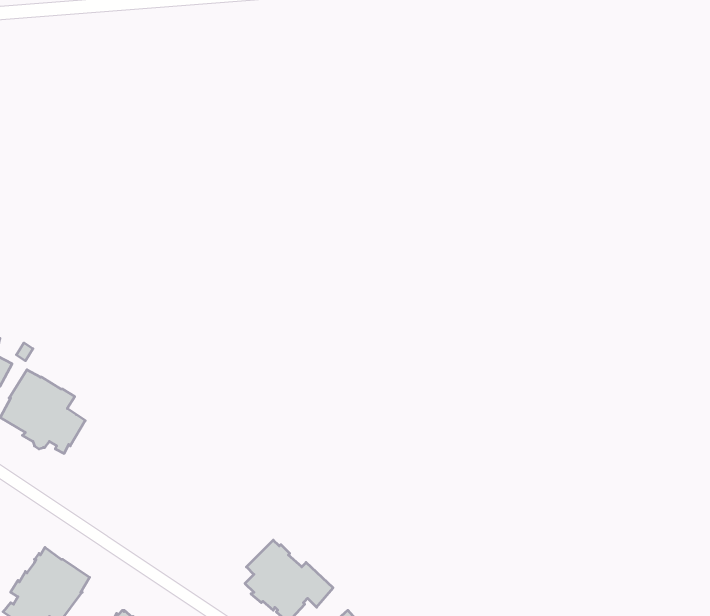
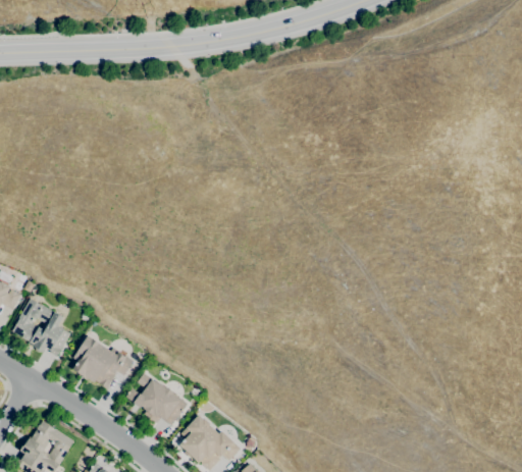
building: none -> [73,335,134,389]
building: none -> [126,373,188,425]

